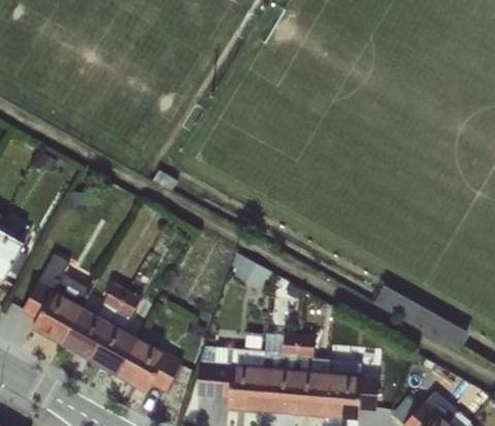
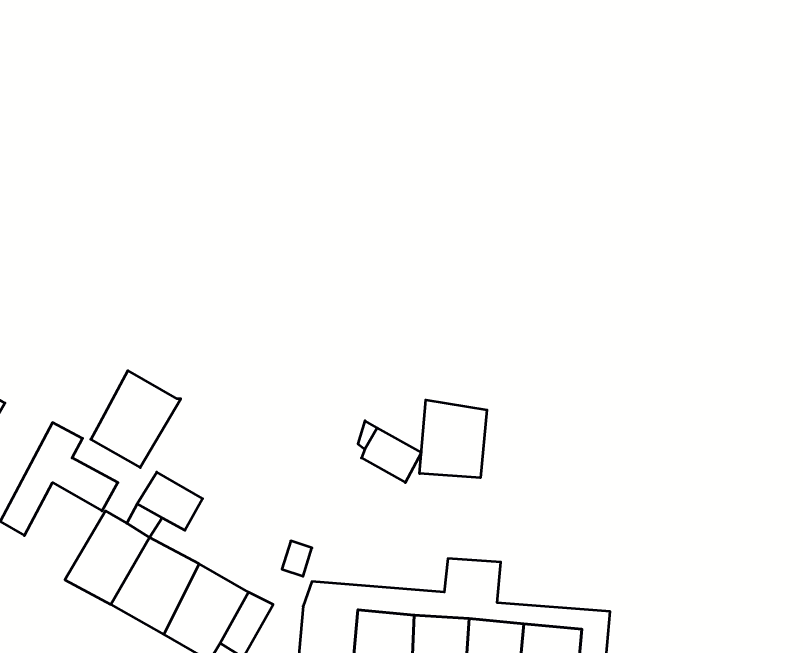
building: none -> [420,400,487,478]
building: [31,289,84,346] -> [91,371,181,468]

